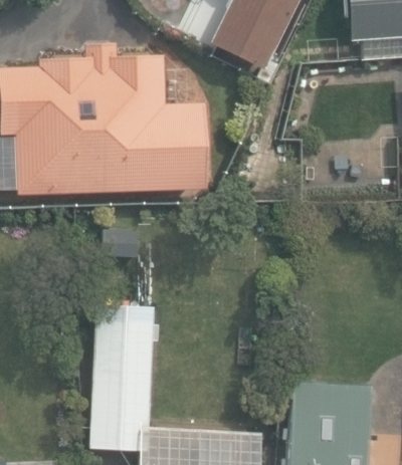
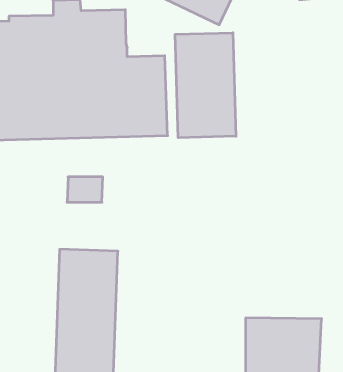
building: none -> [175,33,236,138]

